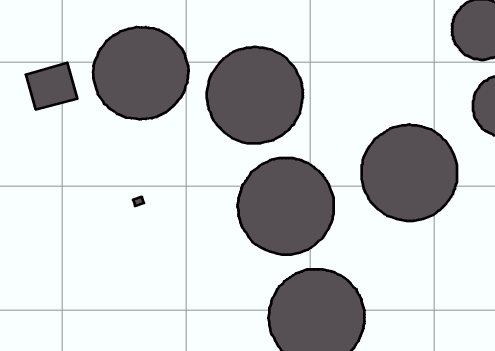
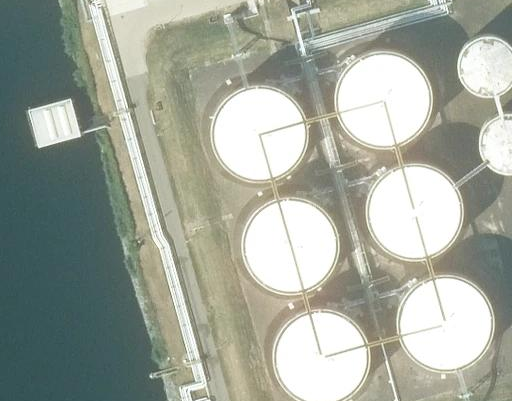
building: none -> [335,52,432,148]
building: [93,27,188,119] -> none
building: none -> [397,275,494,371]

